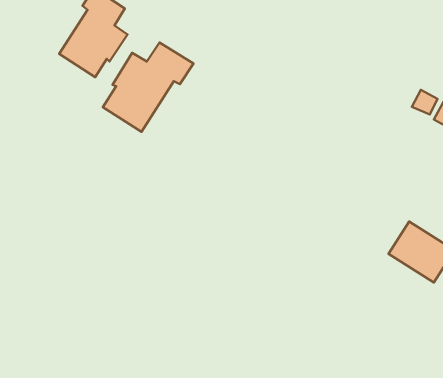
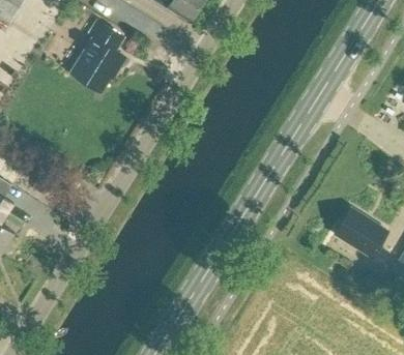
building: [103,43,193,132] -> none

